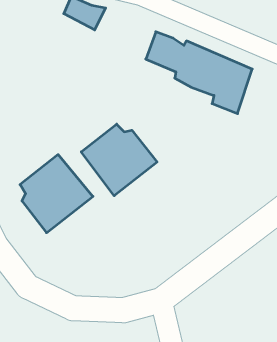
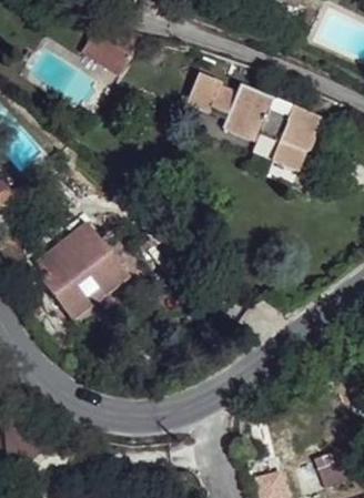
building: [81,124,157,196] -> none

